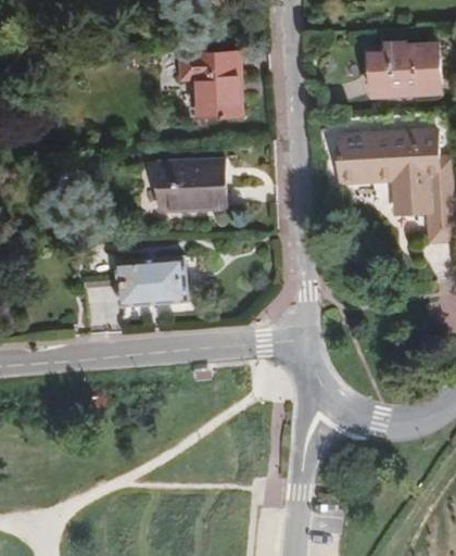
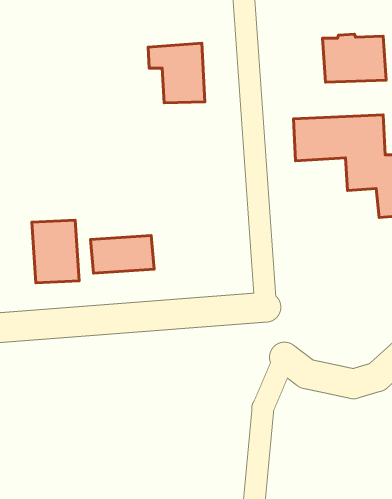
building: [157,162,221,211] -> none
building: none -> [32,220,79,283]

